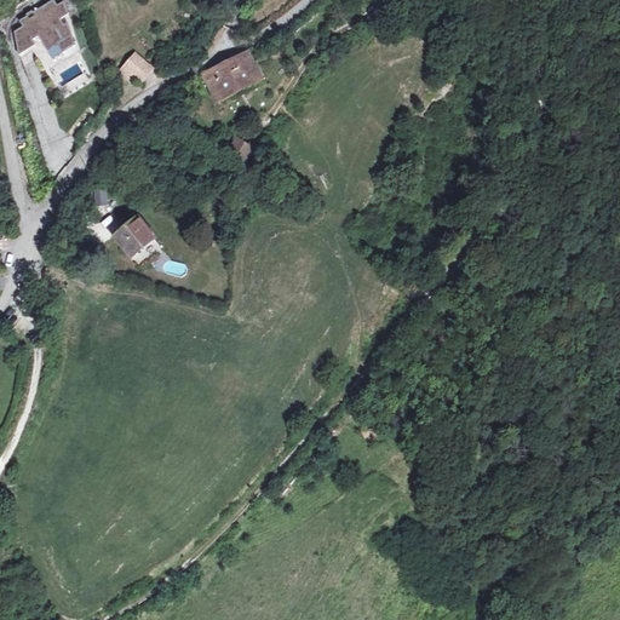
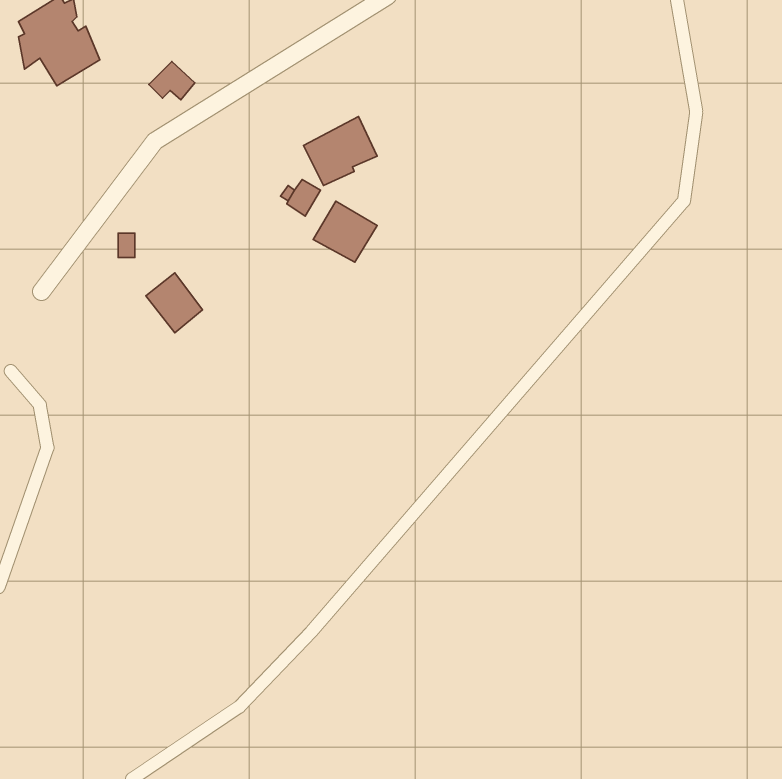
building: [201,48,259,103] -> [303,116,377,185]
building: none -> [313,201,377,262]

